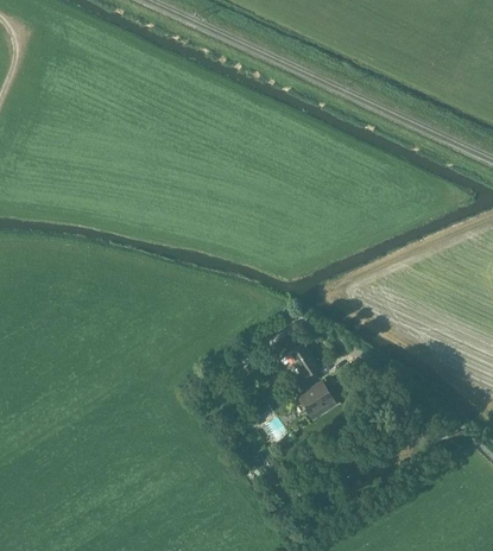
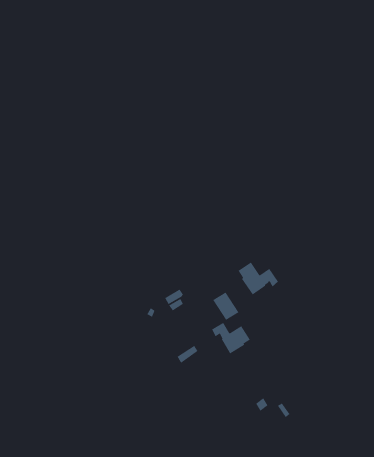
building: none -> [237,261,279,296]

